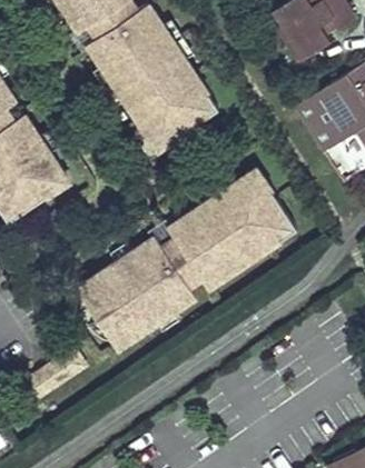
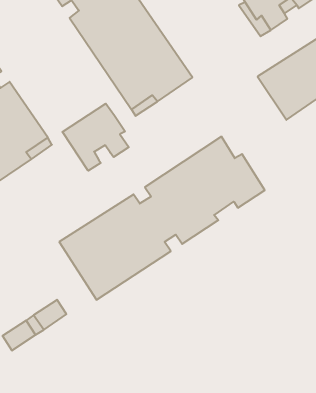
building: none -> [62,104,129,171]

